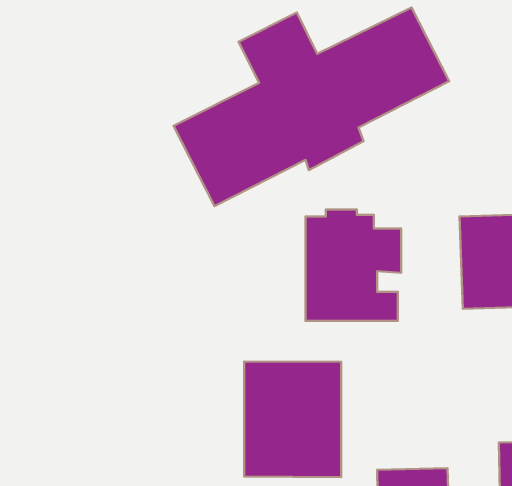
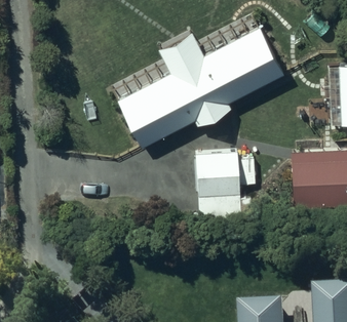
building: [244,361,341,477] -> none

